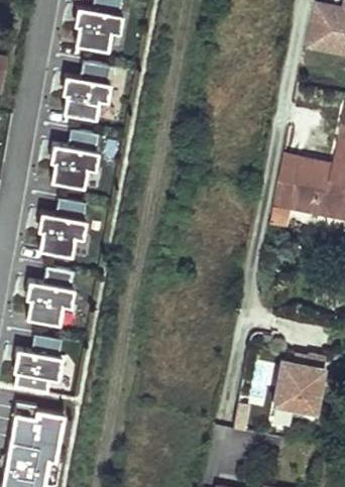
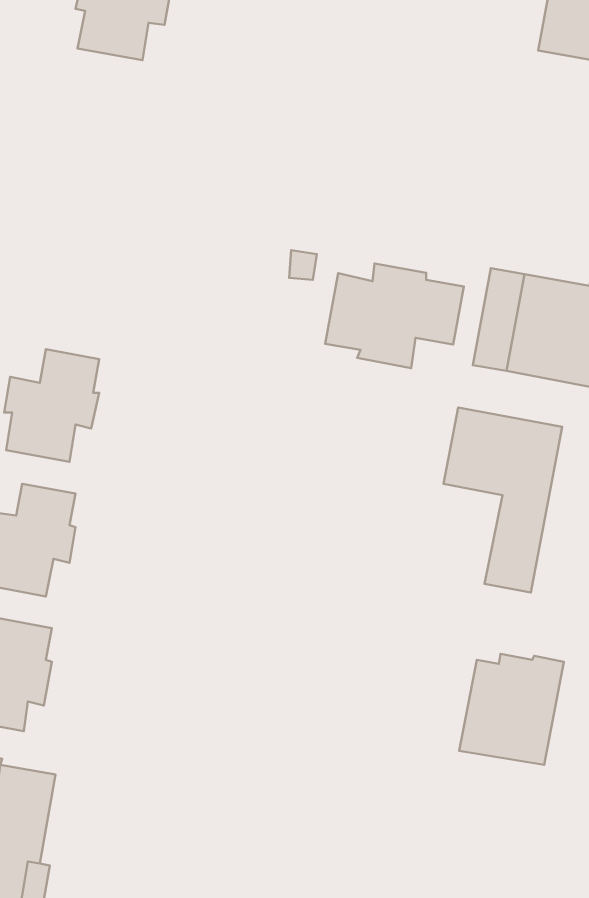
building: [61,63,109,120] -> none
building: [48,131,97,189] -> none
building: none -> [325,263,464,368]
building: none -> [443,407,562,593]

